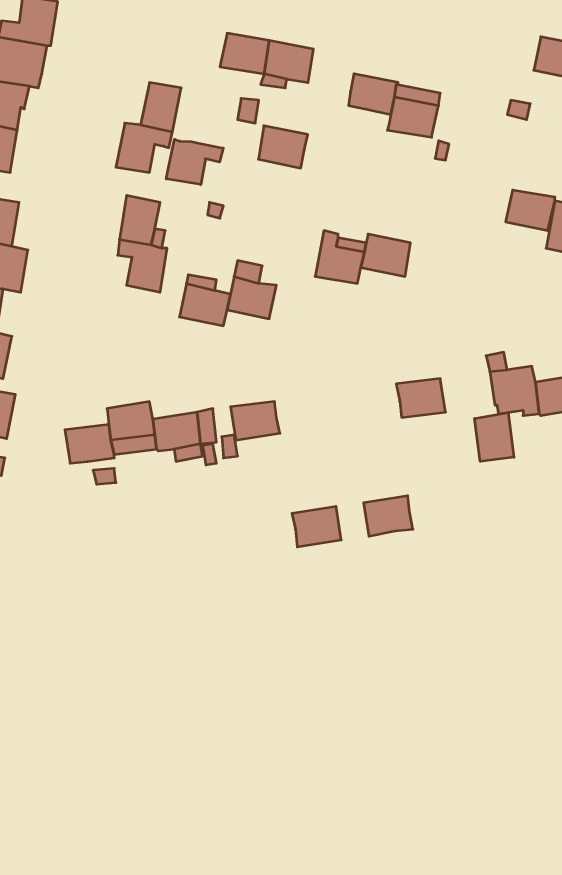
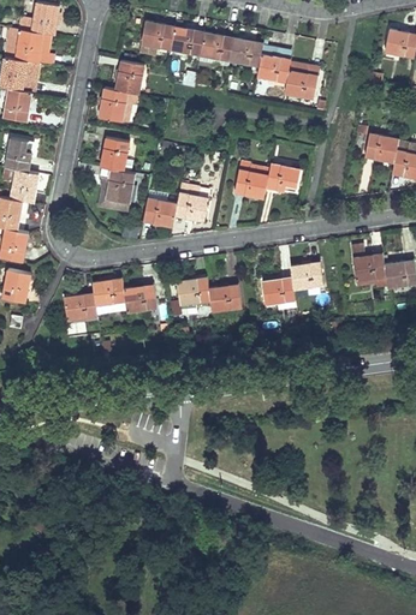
building: none -> [139,20,174,54]
building: [258,126,308,168] -> [230,37,263,66]
building: [166,139,223,185] -> none
building: [475,412,514,461] -> none
building: [364,496,413,536] -> [262,277,296,305]
building: [292,506,341,547] -> [208,283,242,311]

